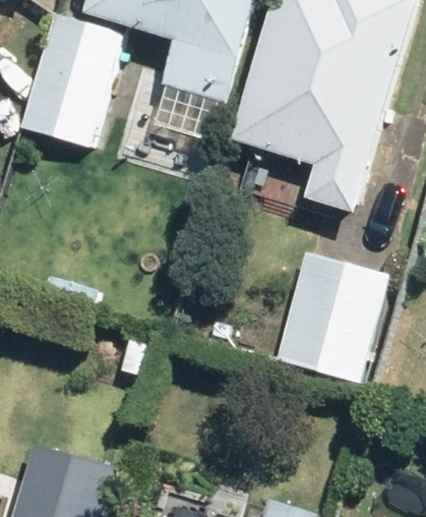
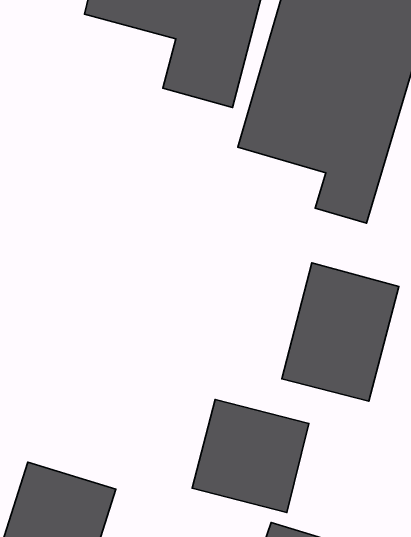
building: [17,17,121,151] -> none
building: none -> [192,399,309,513]

